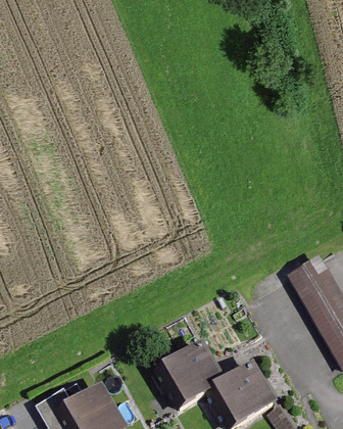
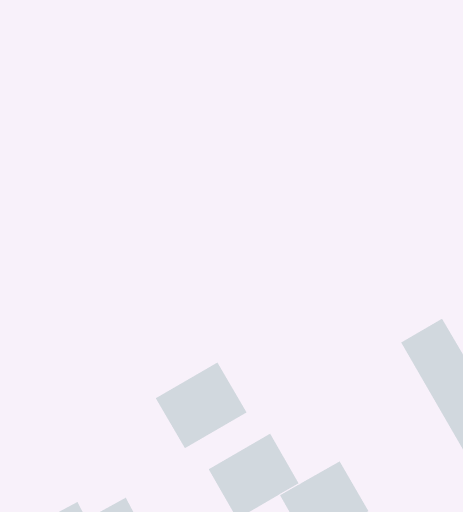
building: none -> [155,361,247,449]

